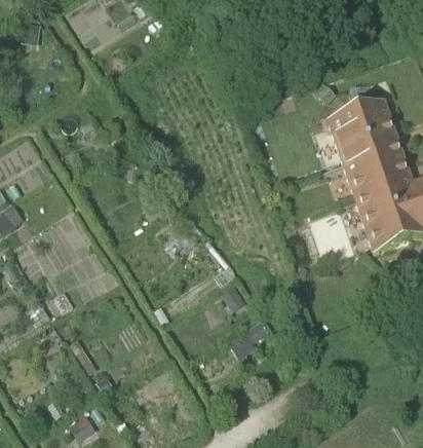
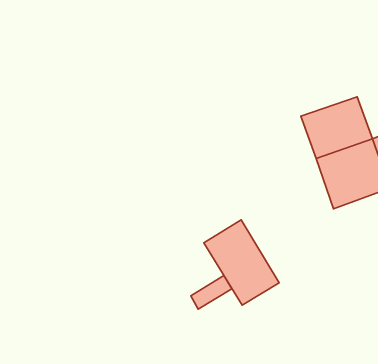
building: [326,97,397,156] -> none
building: none -> [204,220,279,305]

